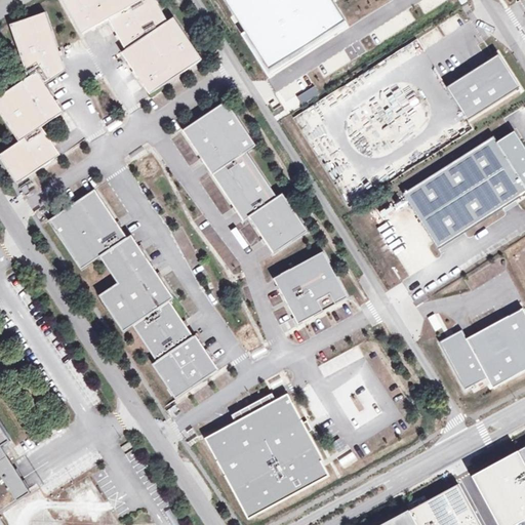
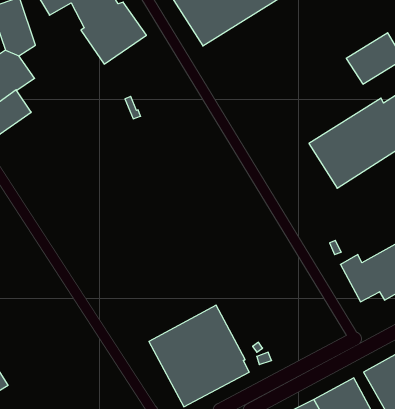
building: [183,100,308,253] -> none
building: [47,189,217,398] -> none
building: [273,251,349,324] -> none

